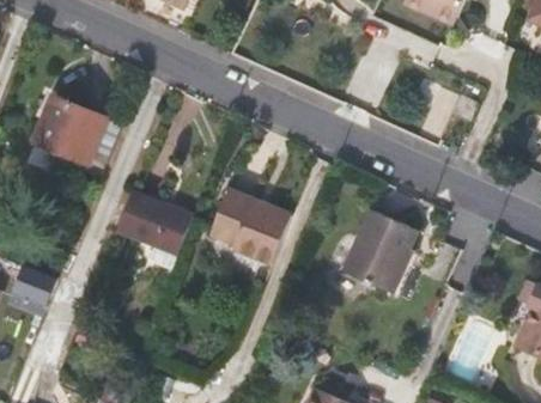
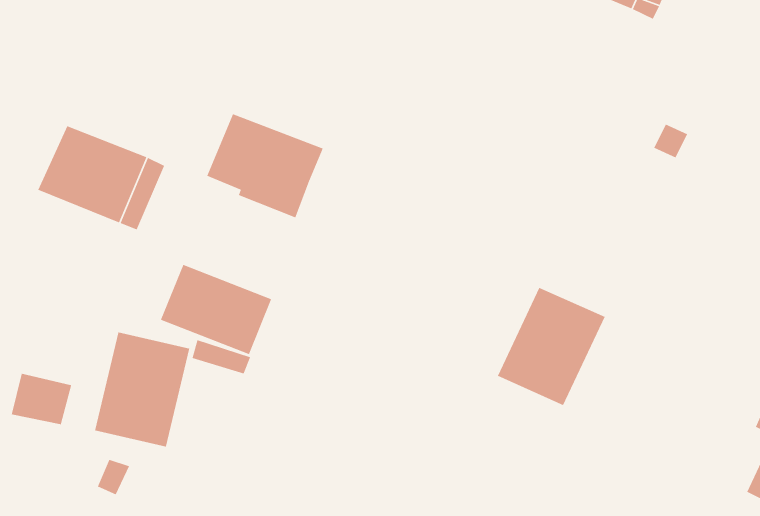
building: [211,190,291,262] -> [206,113,324,218]
building: none -> [94,332,190,447]

